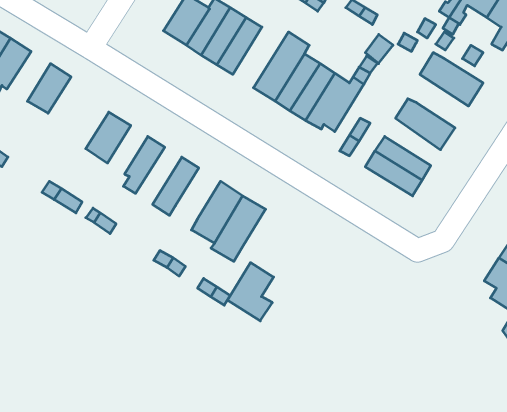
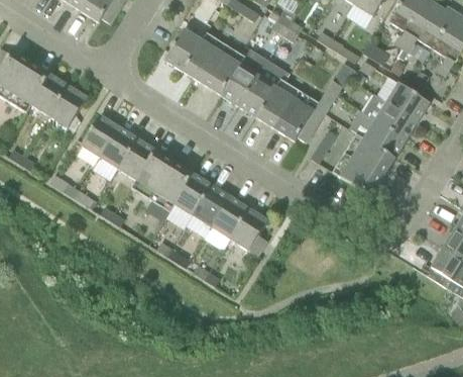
building: none -> [222,49,268,106]
building: none -> [34,76,71,117]
building: none -> [363,93,418,139]
building: none -> [81,114,119,157]
building: none -> [348,131,394,171]
building: none -> [118,137,151,178]
building: none -> [141,156,180,203]
building: none -> [175,173,212,215]
building: [227,263,274,321] -> [230,207,268,256]

